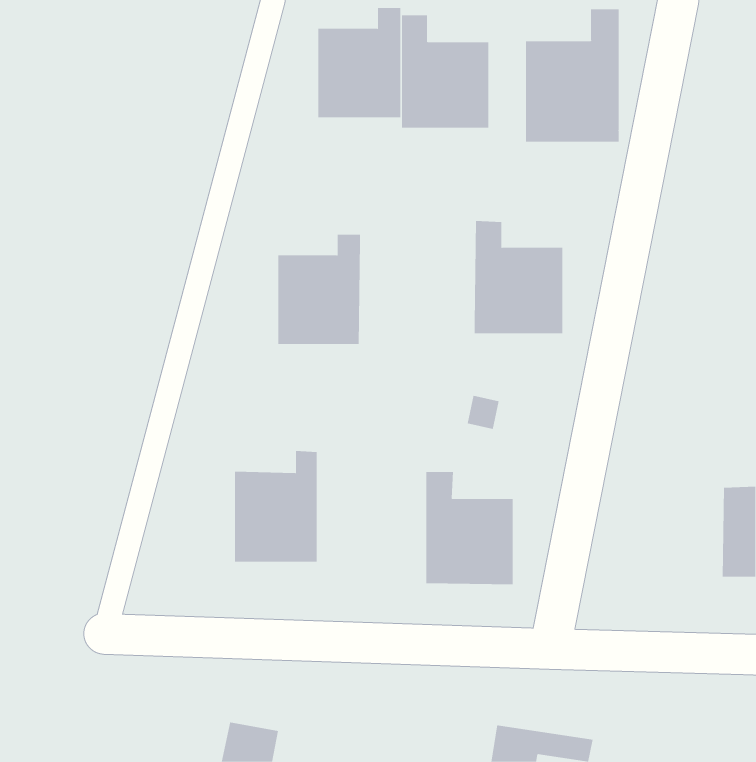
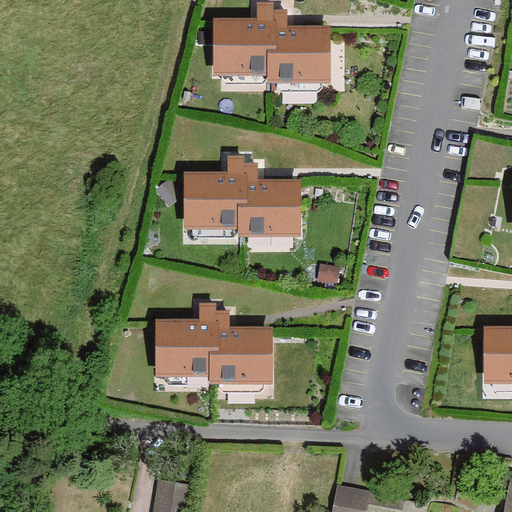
building: [525,9,619,143] -> none
building: [474,220,563,334] -> [241,162,301,238]
building: [426,472,514,585] -> [213,308,272,384]

